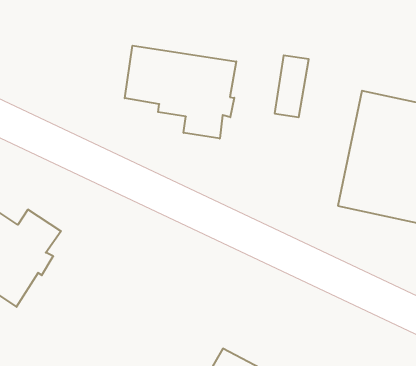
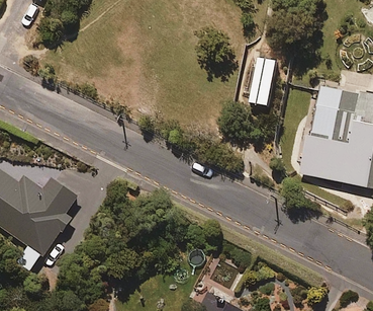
building: [125,46,236,139] -> none

